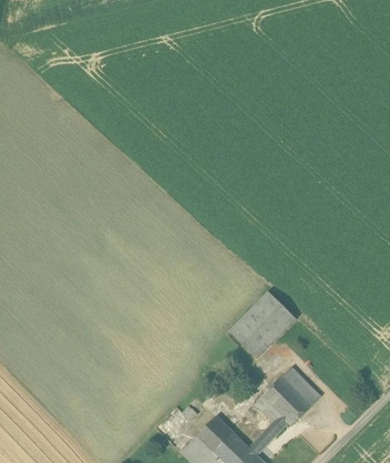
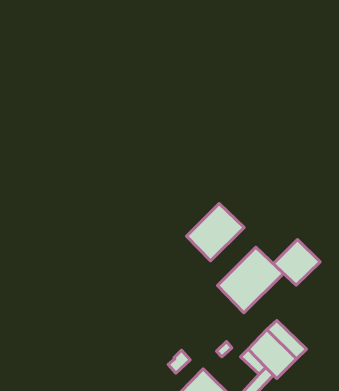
building: none -> [187,203,244,261]
building: none -> [273,239,320,285]

